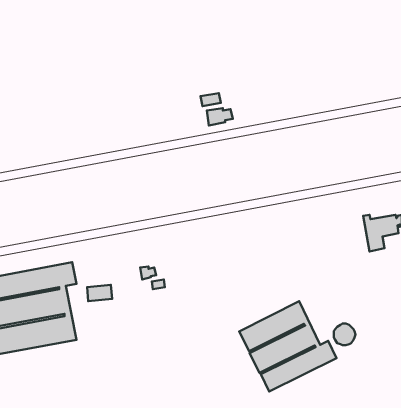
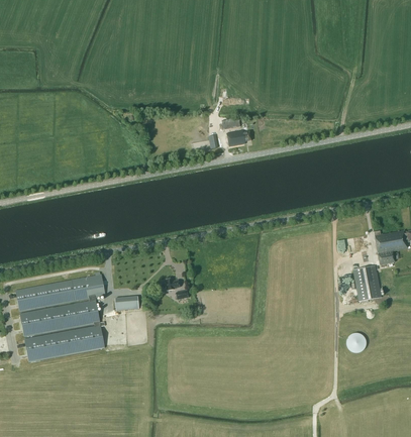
building: none -> [353,265,381,301]
building: [239,301,337,392] -> none

